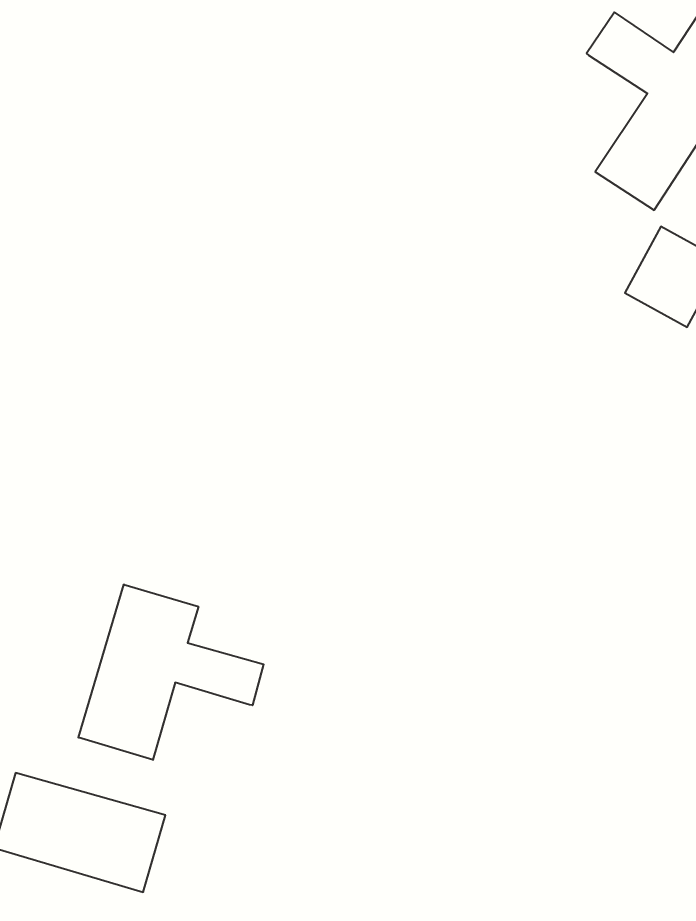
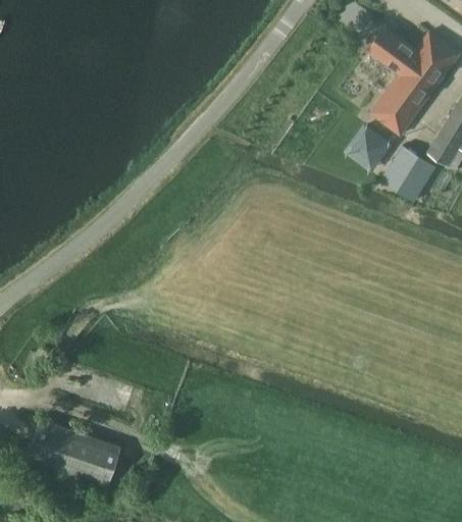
building: none -> [350,136,388,162]
building: [78,584,264,760] -> none

